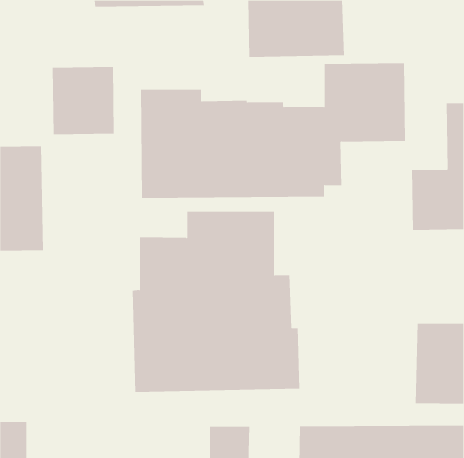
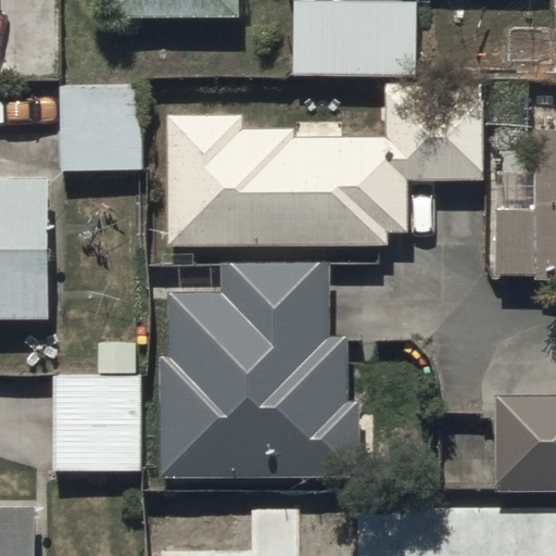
building: none -> [53,380,138,476]

